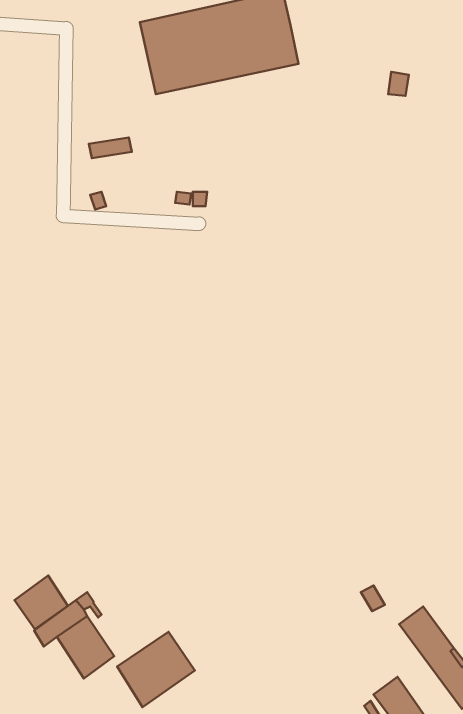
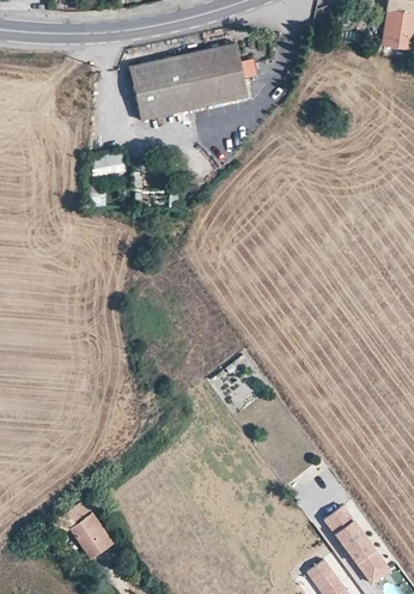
building: [15,576,68,629] -> none
building: [117,632,195,707] -> none

